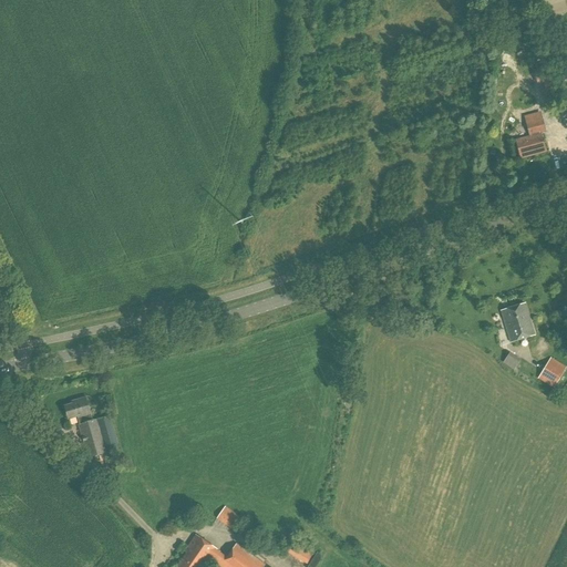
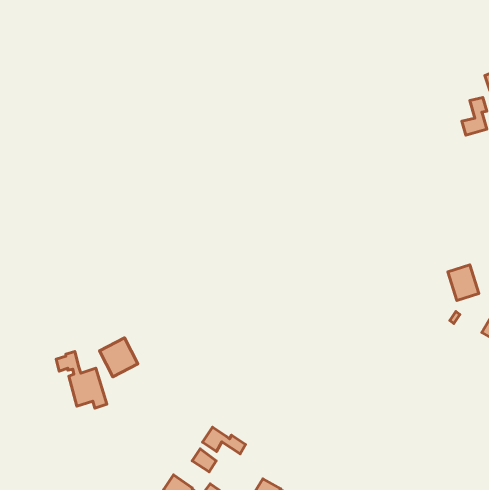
building: none -> [99,338,138,377]
building: none -> [202,427,246,454]

